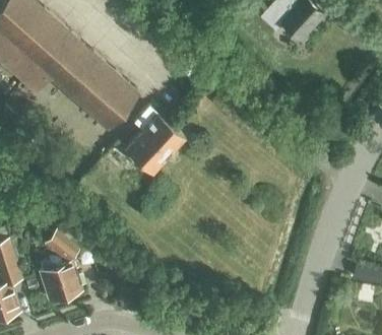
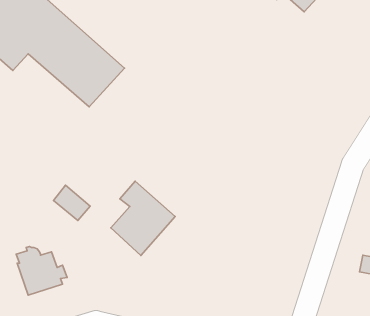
building: [126,107,185,175] -> [111,181,175,255]
building: [46,230,79,263] -> [53,185,90,220]

